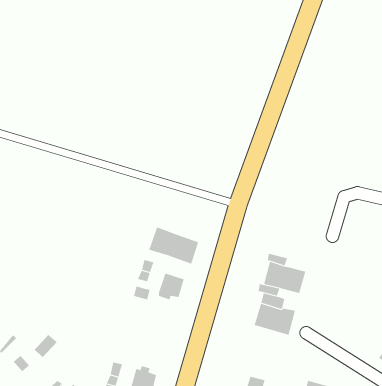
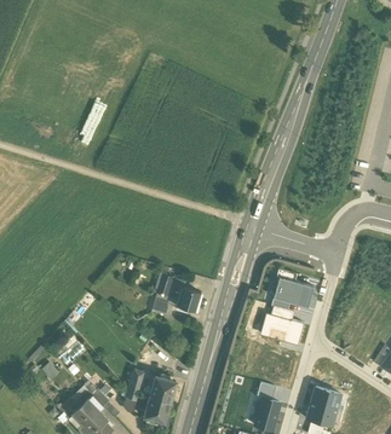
building: [149,227,199,265] -> none

